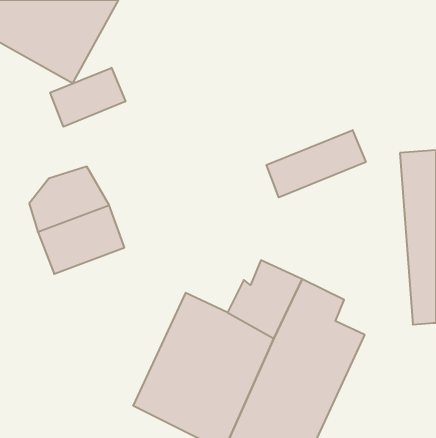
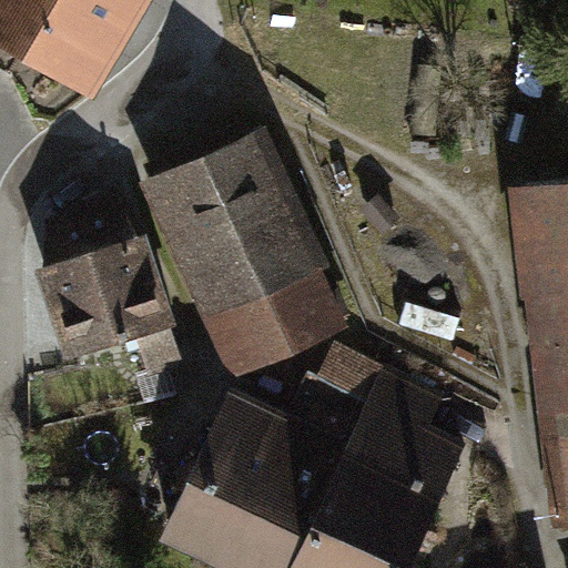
building: [50,68,125,127] -> none
building: none -> [159,146,316,358]
building: [266,130,366,197] -> none

